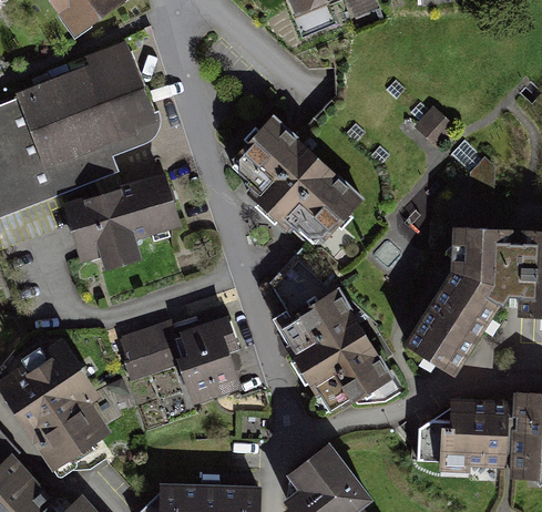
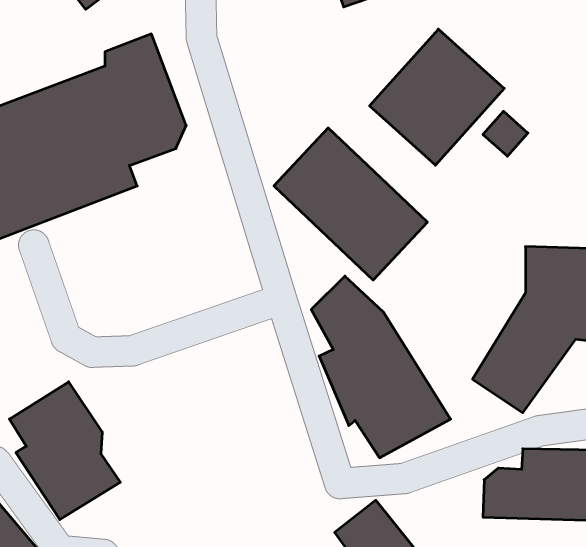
building: none -> [370,29,504,165]
building: [78,176,192,266] -> none
building: [120,320,248,407] -> none

